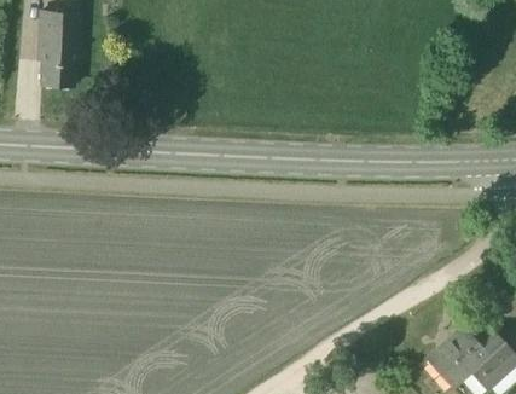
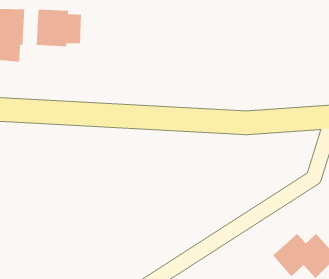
building: none -> [36,9,82,47]

